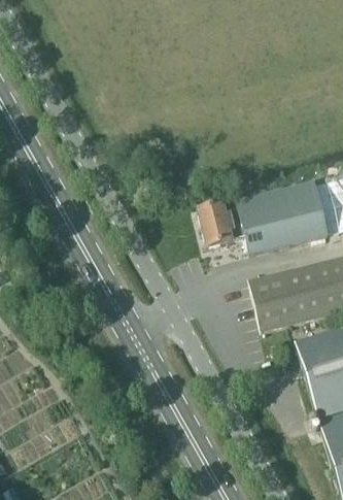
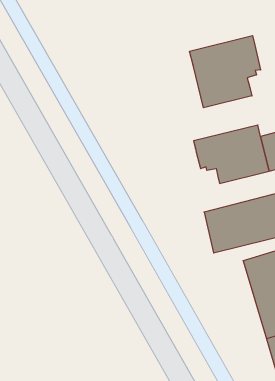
building: none -> [190,36,261,108]
building: [199,202,269,252] -> none

